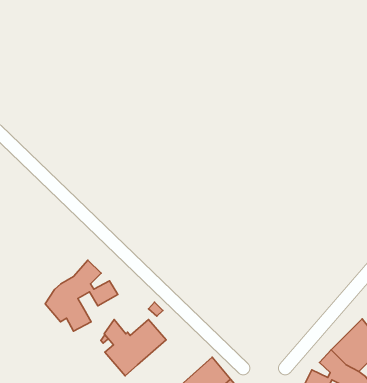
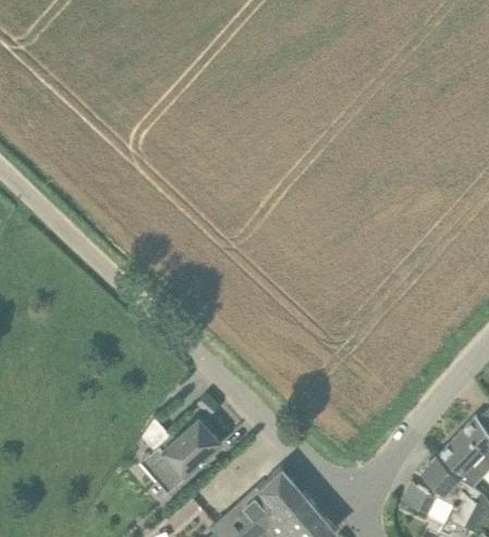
building: [45,260,118,331] -> none

